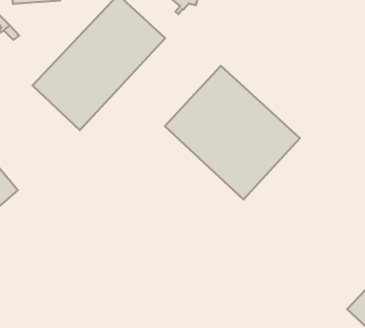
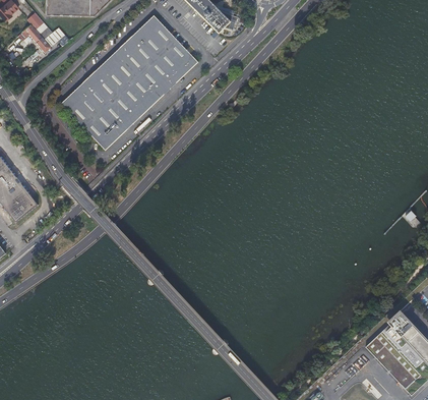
building: [165,66,300,200] -> none

